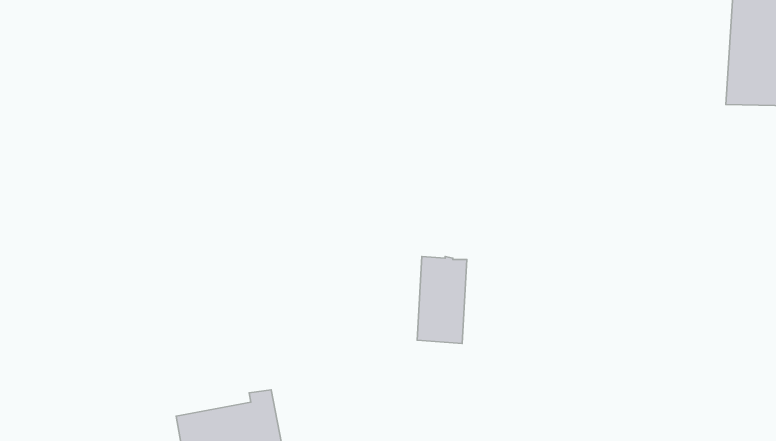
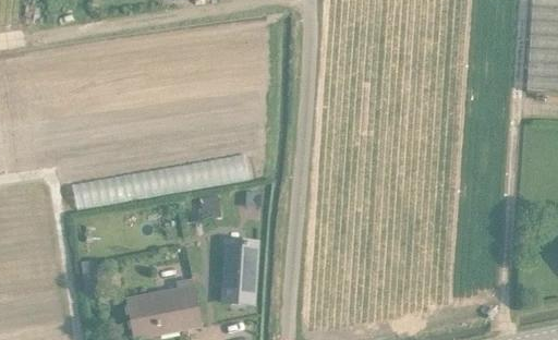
building: [417,256,467,343] -> [225,241,259,302]

